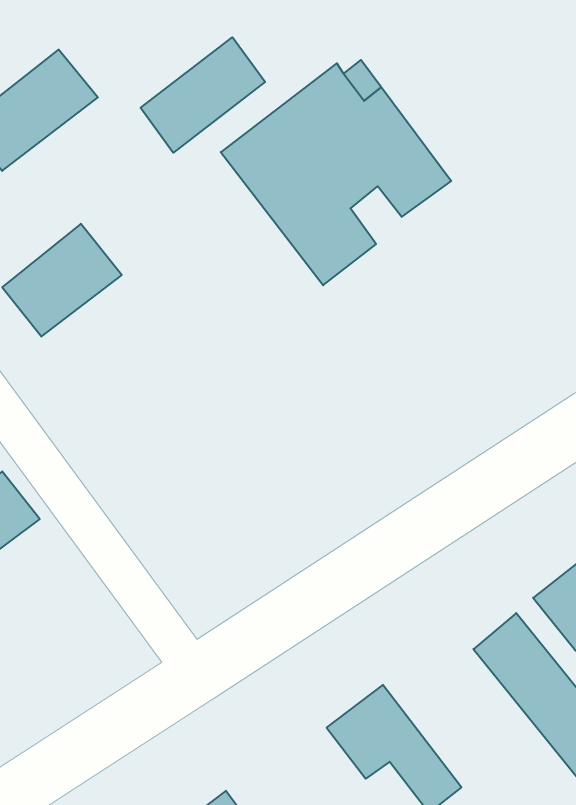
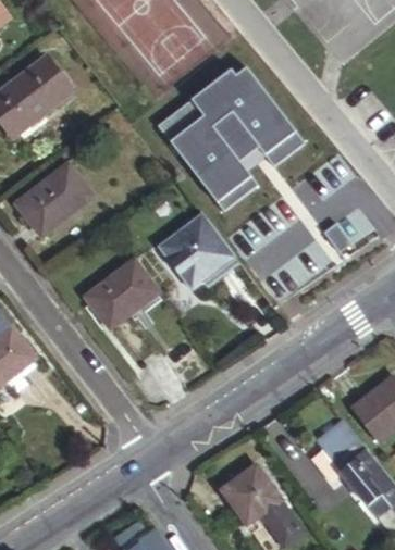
building: [141,37,265,153] -> none
building: none -> [159,210,237,289]
building: none -> [84,261,158,330]

